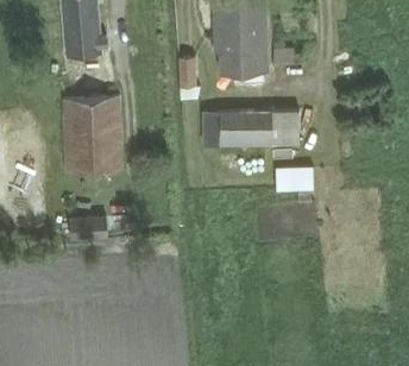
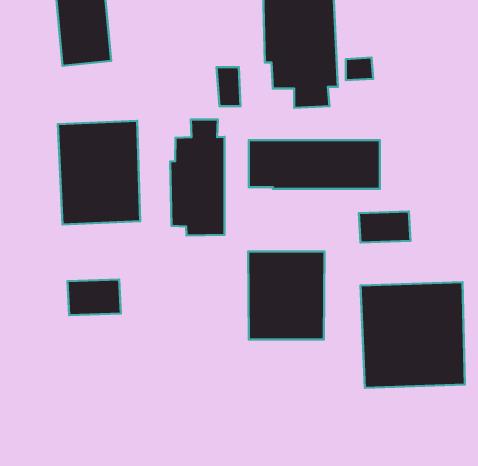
building: none -> [170,119,225,235]
building: none -> [248,252,324,339]
building: none -> [360,282,465,388]

